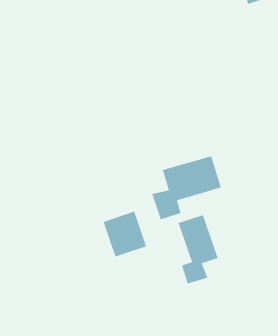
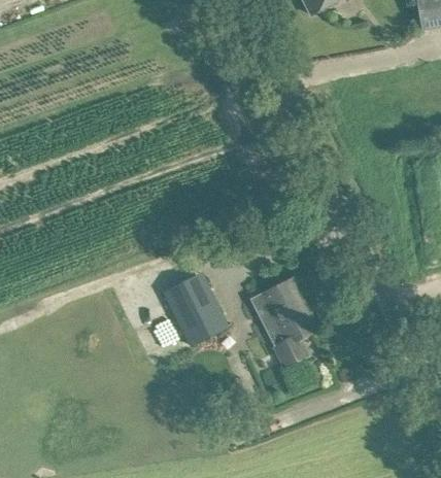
building: [152,155,222,220] -> none

